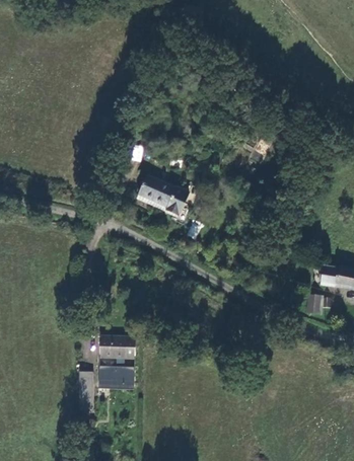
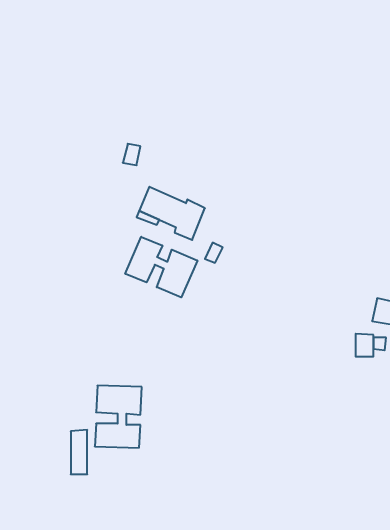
building: none -> [125,237,197,297]

